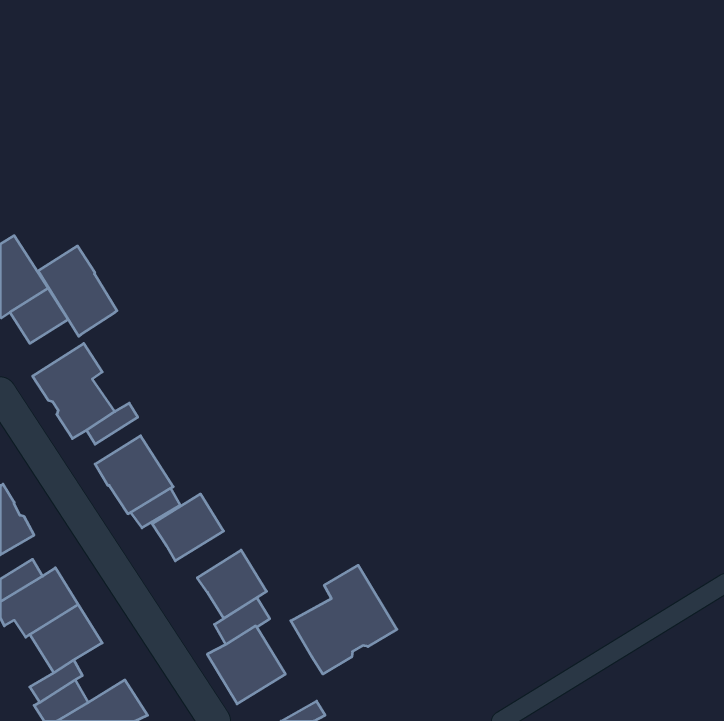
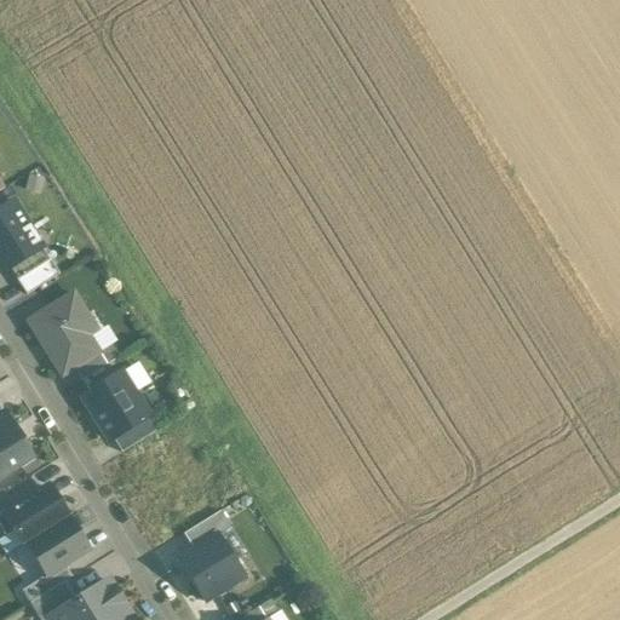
building: [38,246,117,336] -> none
building: [152,494,224,561] -> none
building: [197,550,267,618] -> none
building: [291,565,397,674] -> none

